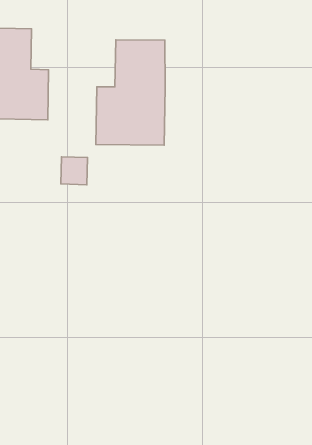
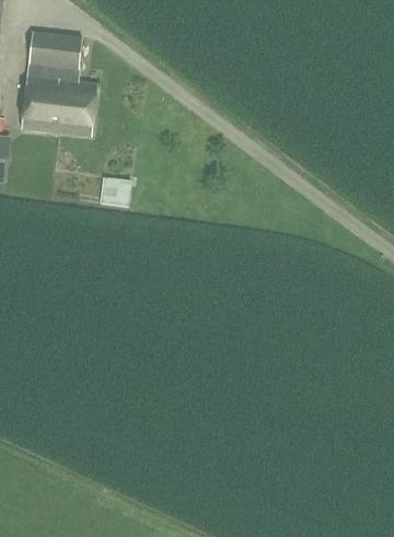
building: [96,40,165,145] -> none

